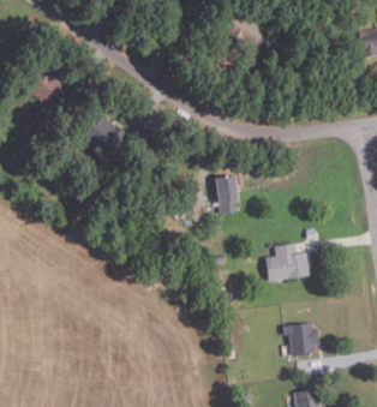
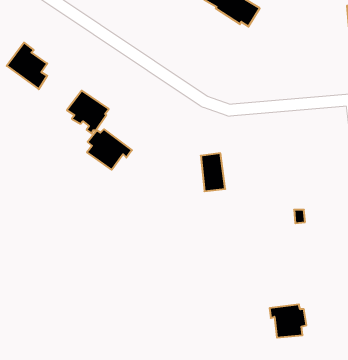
building: none -> [87,129,132,170]
building: [265,243,309,280] -> none

